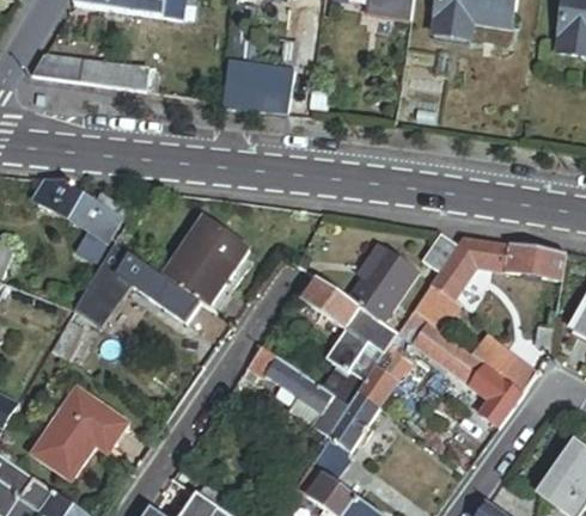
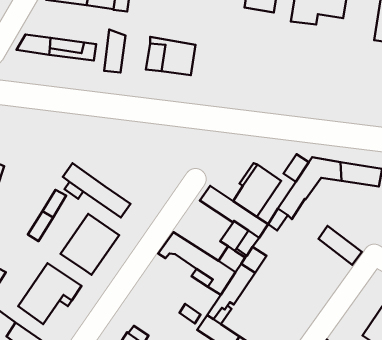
building: none -> [104,30,126,73]
building: [35,178,124,259] -> none
building: [160,219,246,308] -> [60,214,119,275]
building: [419,325,523,425] -> none

